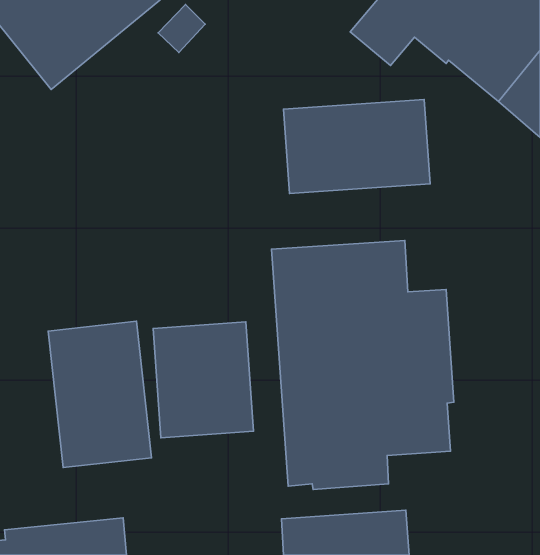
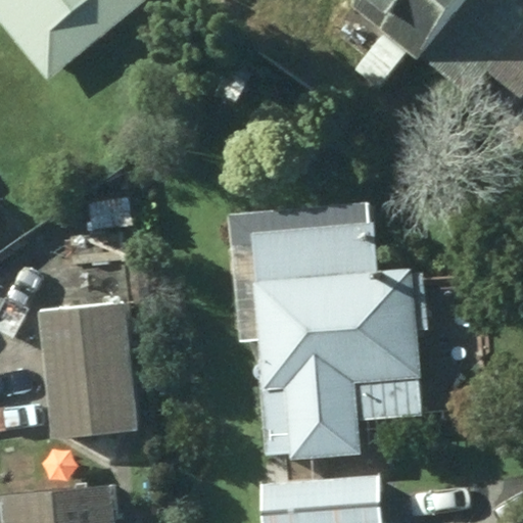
building: [283,100,430,194] -> none
building: [153,322,253,438] -> none

